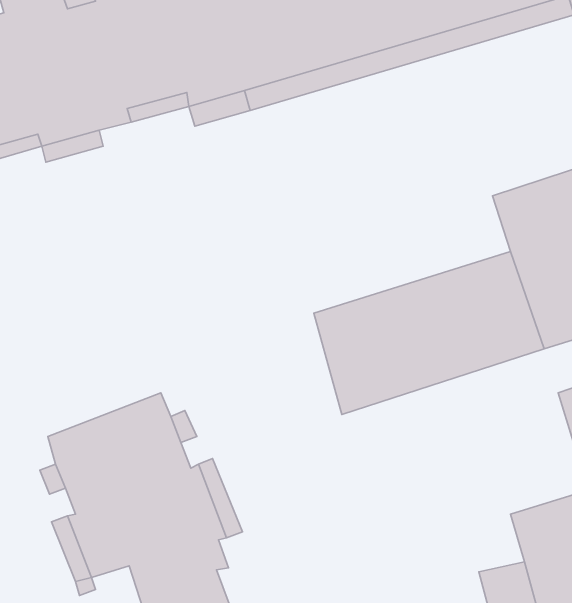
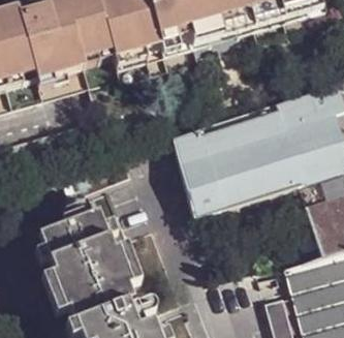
building: none -> [171,104,281,165]

